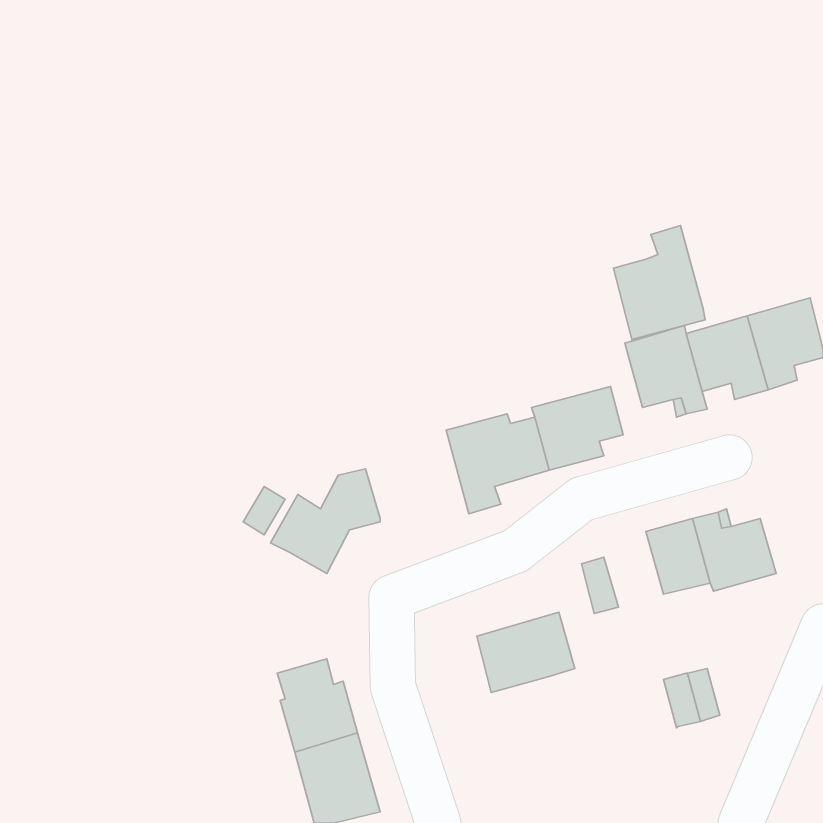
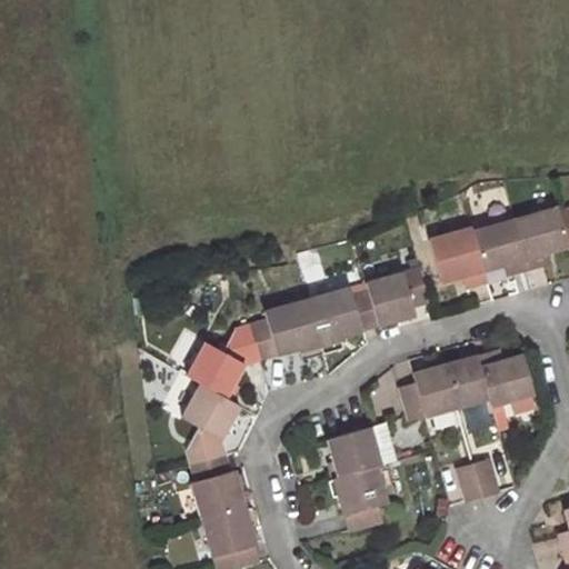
building: [613,225,705,339] -> none
building: none -> [249,297,323,360]
building: none -> [413,367,458,419]
building: none -> [181,381,240,465]
building: none -> [336,467,388,532]

